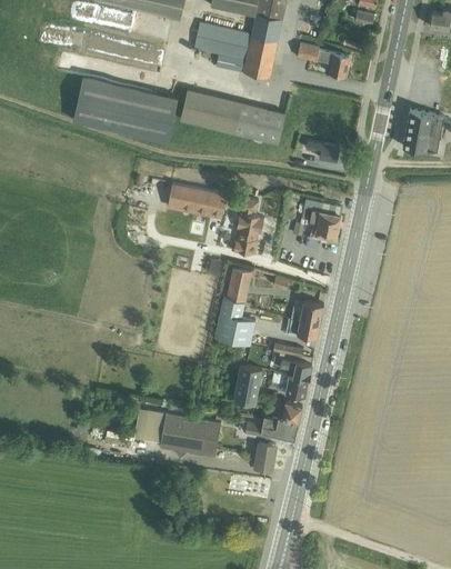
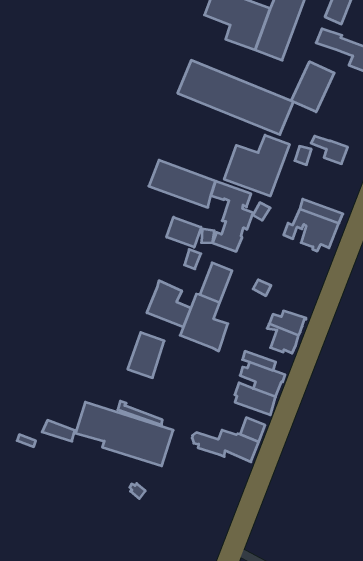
building: none -> [291,62,334,112]
building: [72,77,178,142] -> none
building: none -> [224,135,289,196]
building: none -> [167,217,201,247]
building: none -> [147,281,191,327]
building: [233,365,262,403] -> [128,332,164,378]
building: [247,438,277,470] -> none

